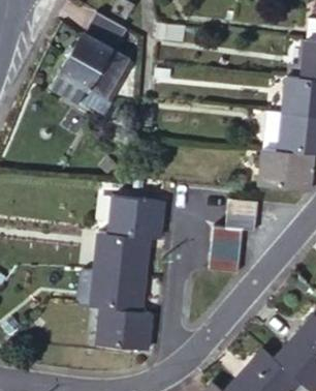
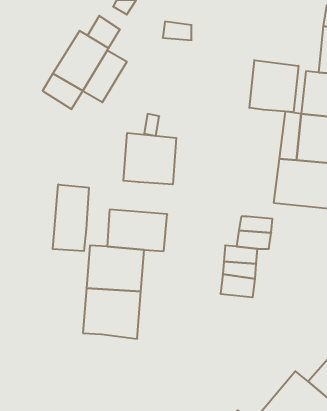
building: none -> [249,60,298,112]
building: none -> [123,133,176,184]
building: none -> [53,184,89,251]
building: [99,309,152,348] -> none

